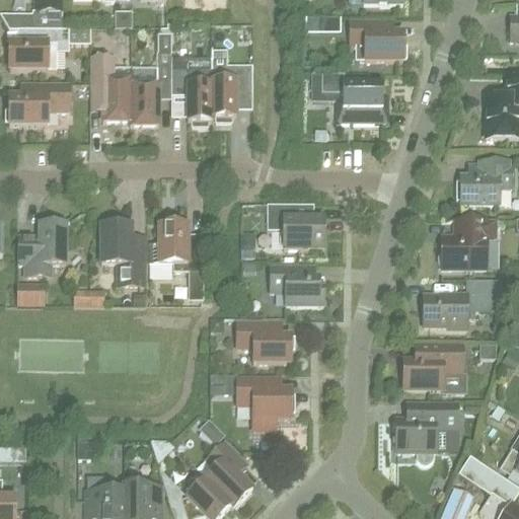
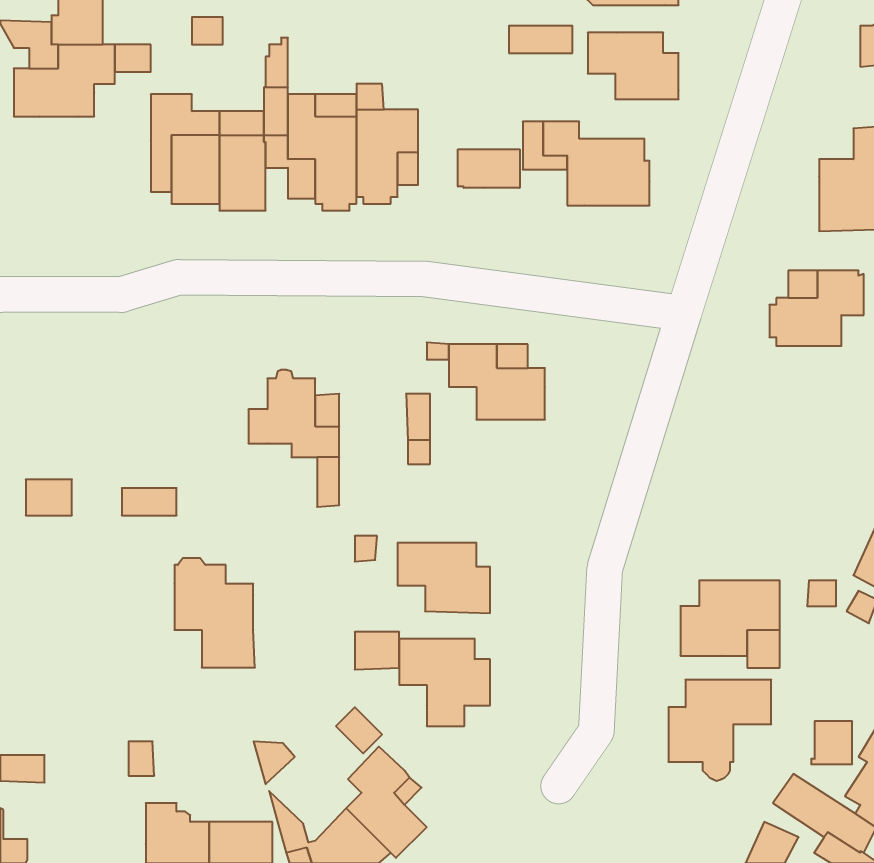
building: [9,83,70,124] -> none
building: none -> [458,149,520,188]
building: [438,218,496,267] -> none
building: [101,220,149,285] -> [174,558,255,668]
building: [16,223,66,275] -> none
building: [270,265,323,305] -> none
building: [424,279,504,327] -> none
building: [433,429,457,454] -> [811,721,852,764]

